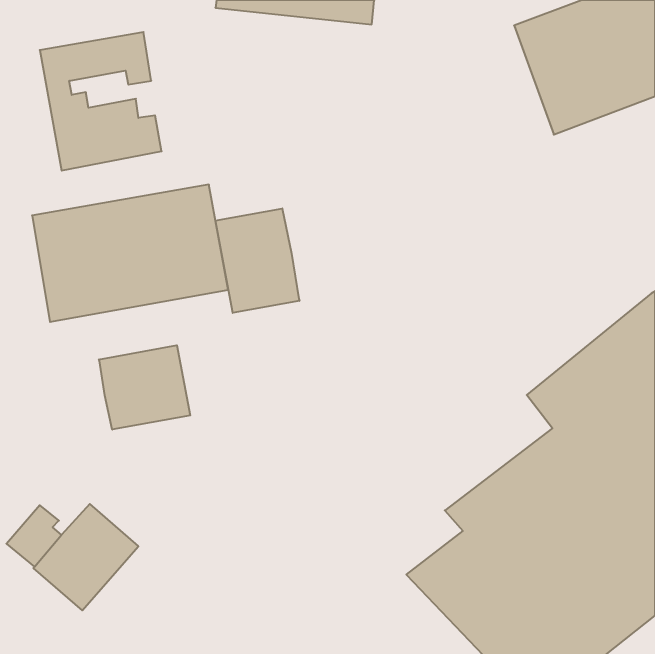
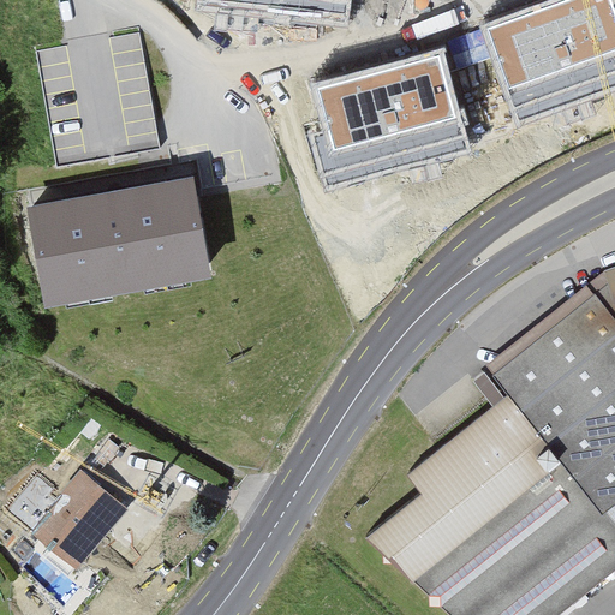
building: none -> [309,44,470,192]
building: [215,208,299,313] -> none
building: [99,345,190,430] -> none

